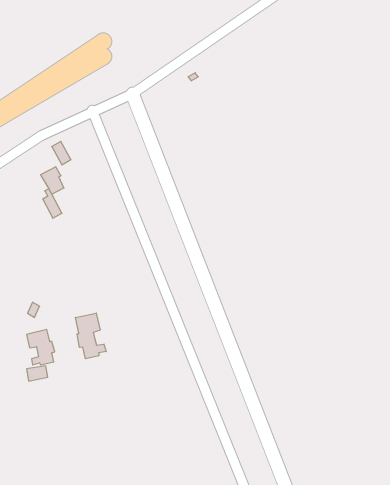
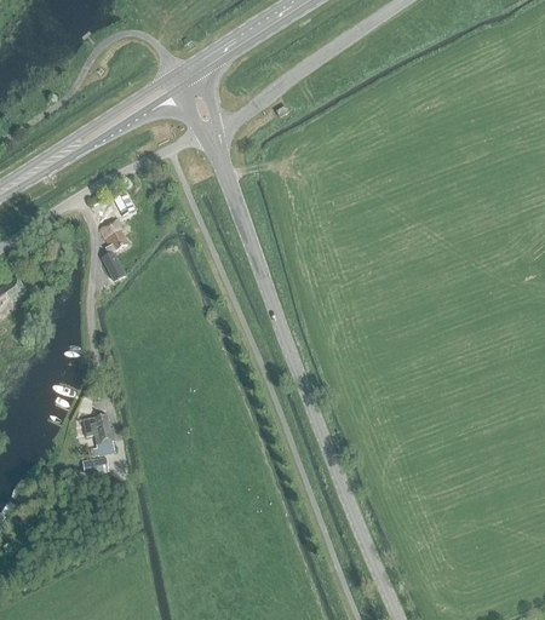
building: [76,313,106,359] -> none

